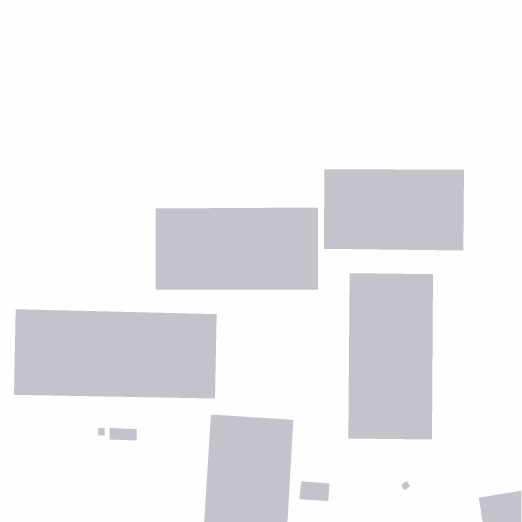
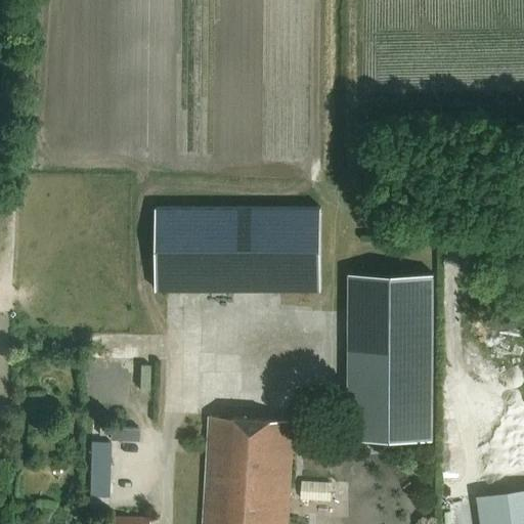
building: [323,168,465,251] -> none
building: [14,309,217,399] -> none
building: none -> [87,443,110,498]

